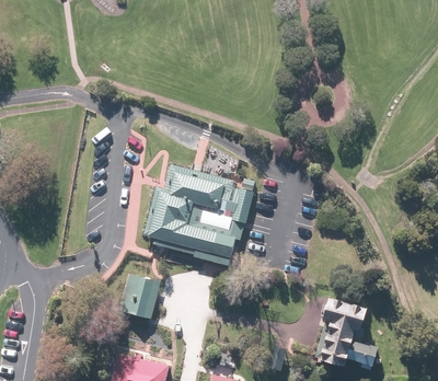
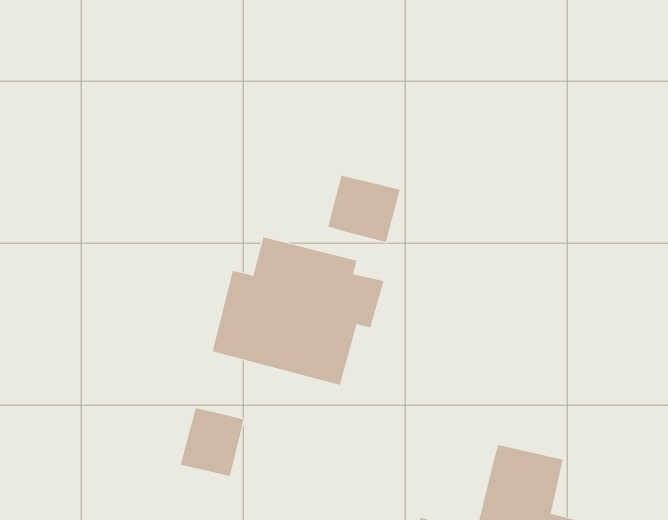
building: none -> [328,175,401,243]

